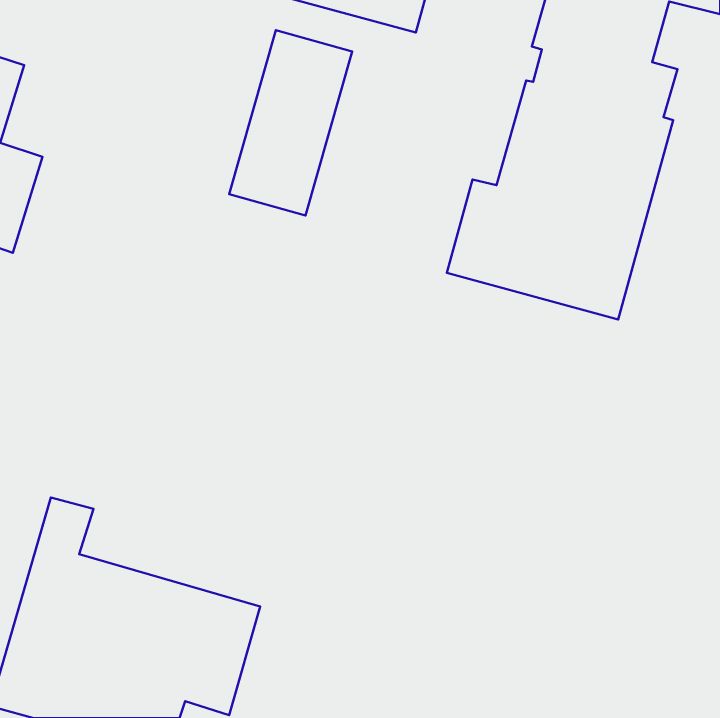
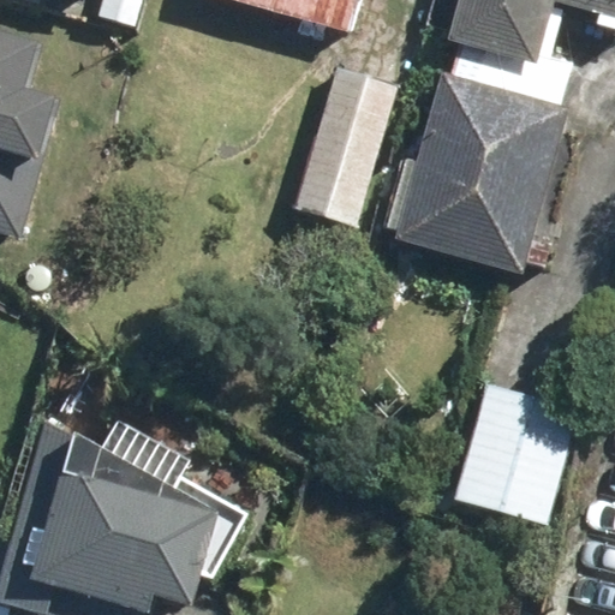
building: [229,30,352,215] -> [295,68,400,226]
building: none -> [455,381,581,523]

